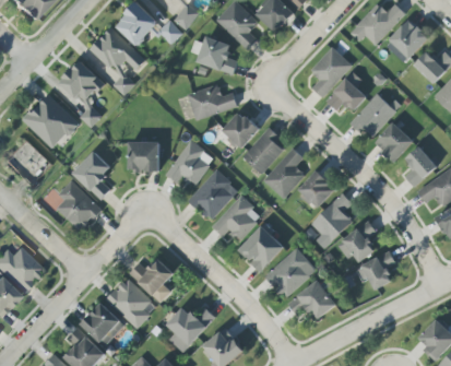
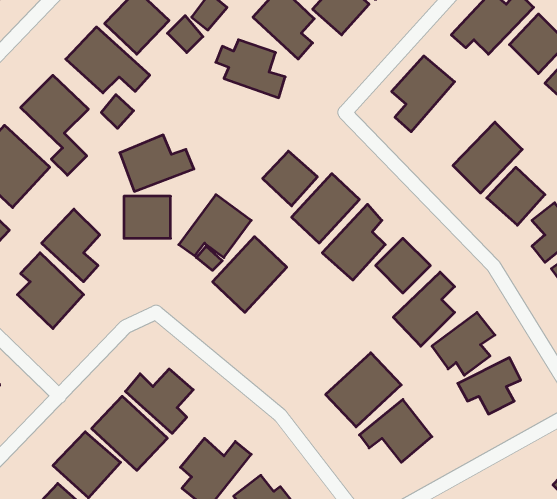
building: [325,71,367,110] -> none
building: [187,82,237,120] -> [120,135,194,191]
building: [212,194,261,240] -> none
building: [238,224,284,271] -> none

